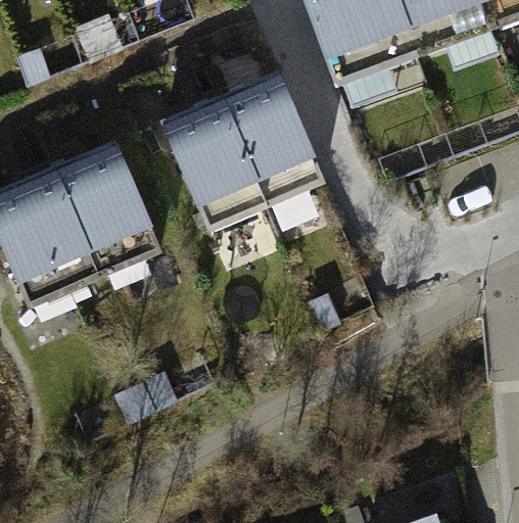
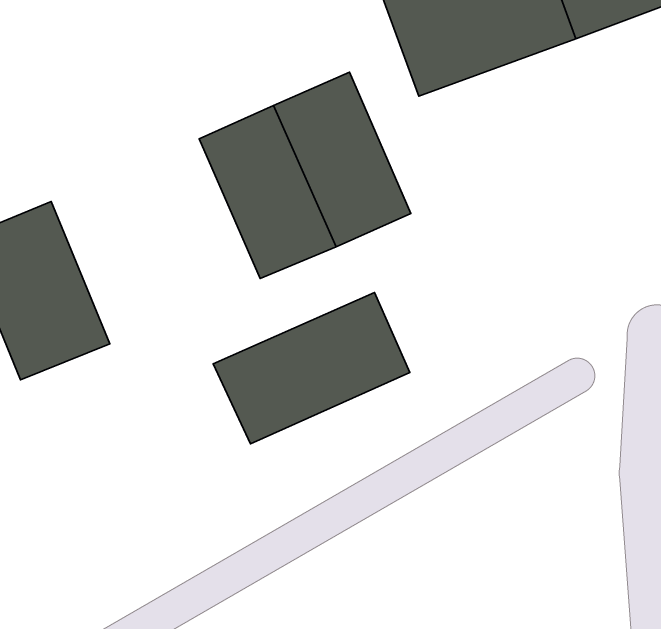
building: [44,132,157,269] -> none
building: none -> [213,292,410,444]

